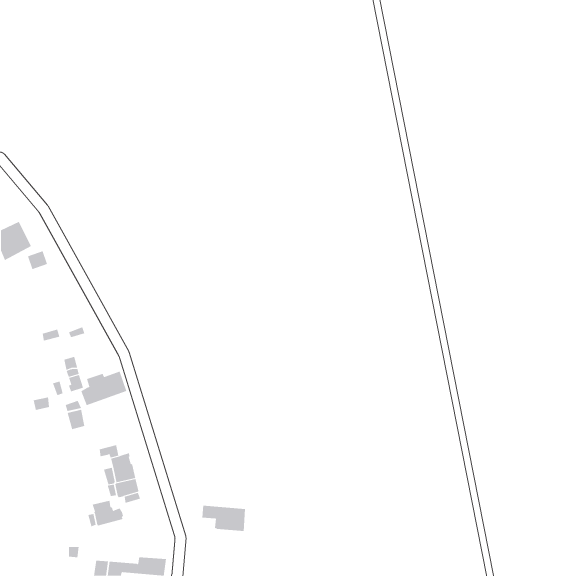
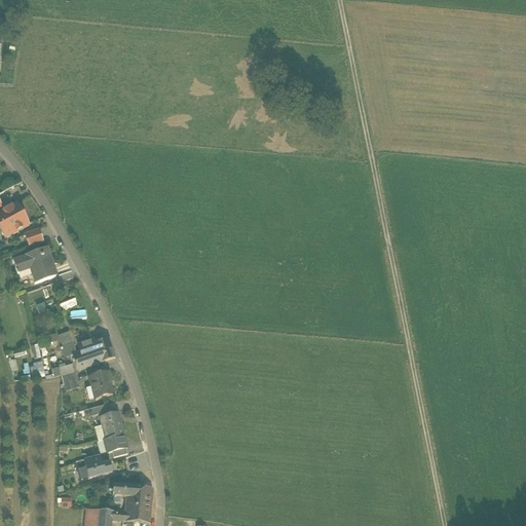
building: none -> [12,246,55,280]
building: none -> [89,370,112,398]
building: [202,505,246,531] -> [112,483,152,506]

